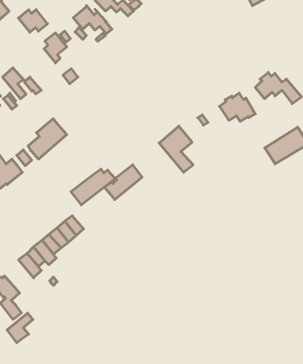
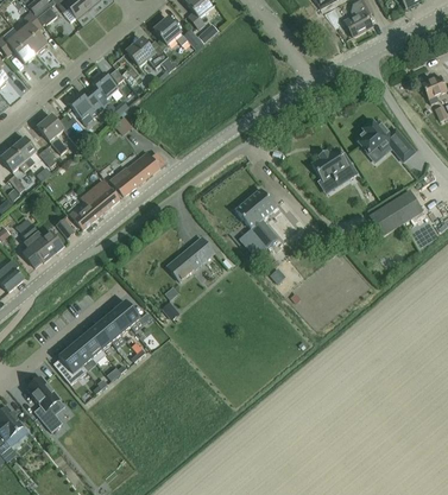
building: [18,10,48,32] -> [68,90,105,119]
building: [71,169,115,205] -> [109,151,165,196]
building: [7,313,33,343] -> none

